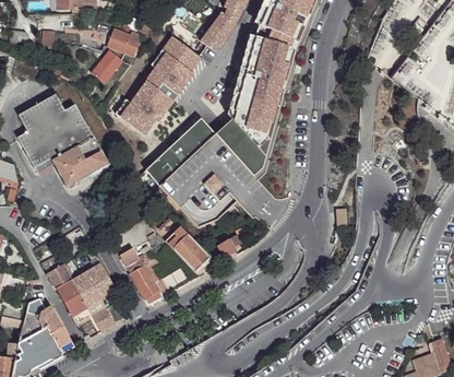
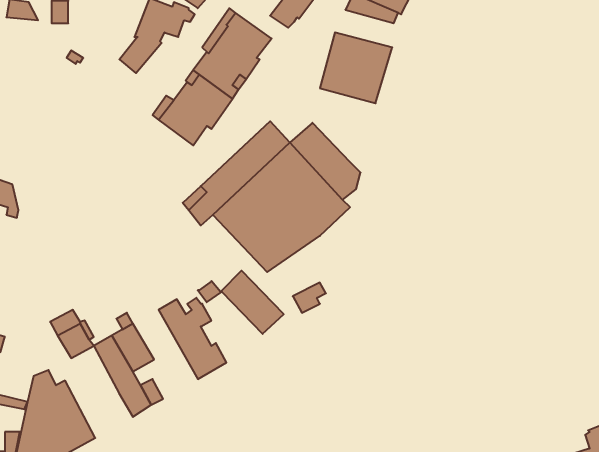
building: [248,36,294,64] -> none
building: [17,94,108,187] -> none
building: [230,94,277,148] -> none
building: [57,281,92,325] -> none

